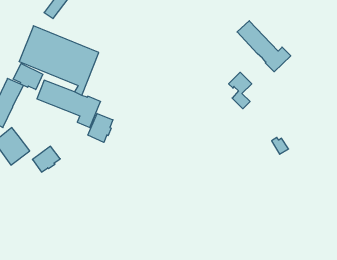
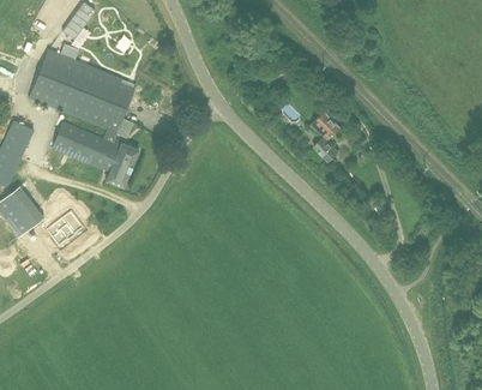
building: [237,21,291,72] -> none
building: [13,64,43,90] -> none
building: [88,113,113,142] -> none

